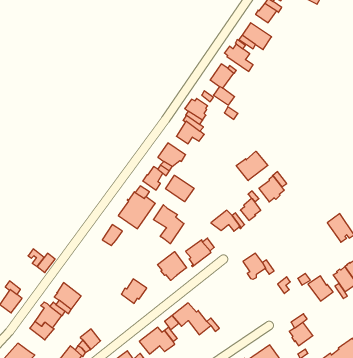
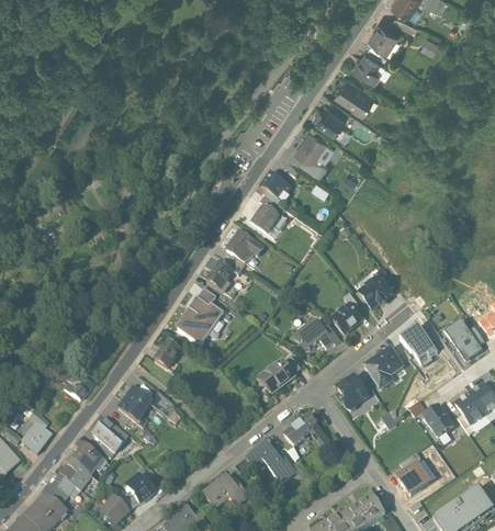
building: [236,151,268,181] -> none
building: [166,175,194,202] -> none
building: [153,205,184,244] -> none
building: none -> [400,323,438,362]
building: none -> [364,346,403,386]
building: [158,252,187,280] -> none
building: [121,279,147,303] -> [119,384,151,416]
building: none -> [284,413,330,447]
building: none -> [45,472,76,504]

